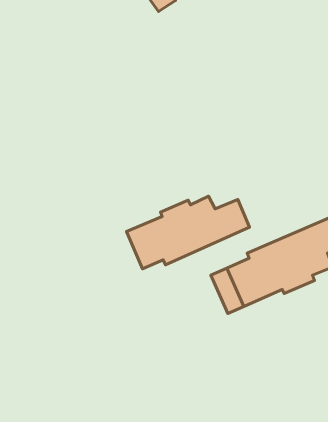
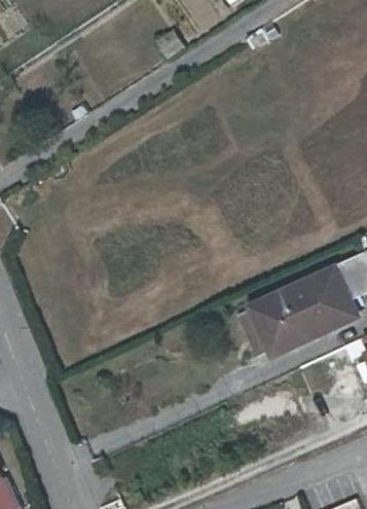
building: [127,196,249,269] -> none

